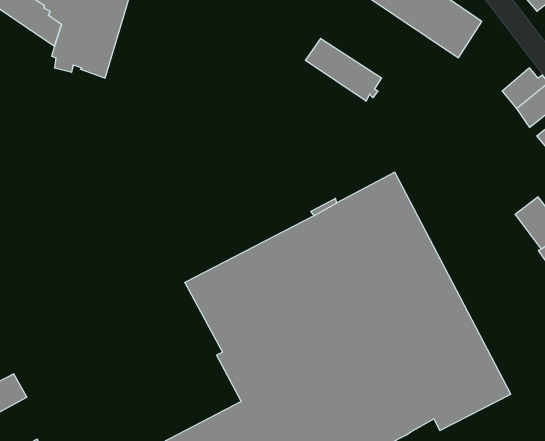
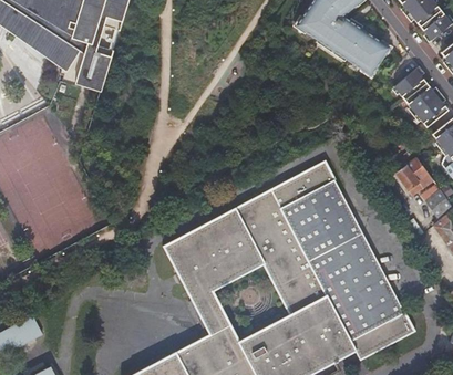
building: [305,38,381,101] -> none
building: none -> [394,67,426,101]
building: none -> [395,157,432,196]

